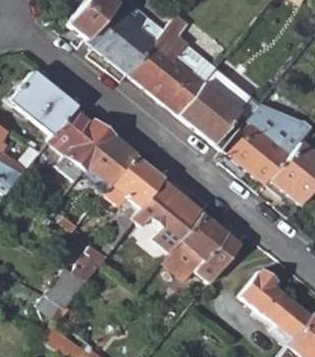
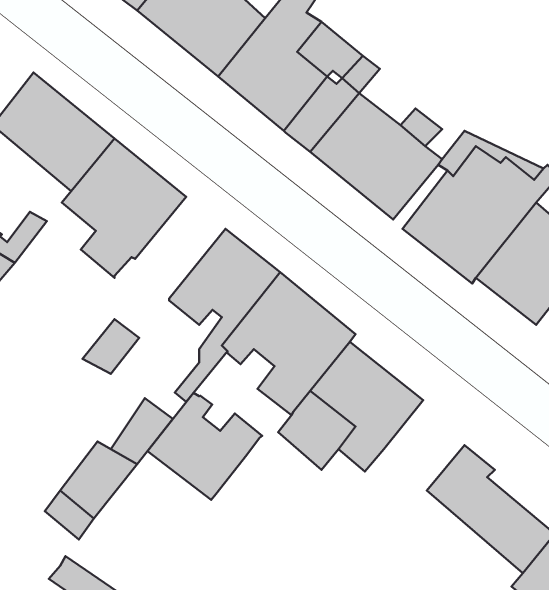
building: [85,138,135,192] -> none
building: none -> [147,393,262,500]

